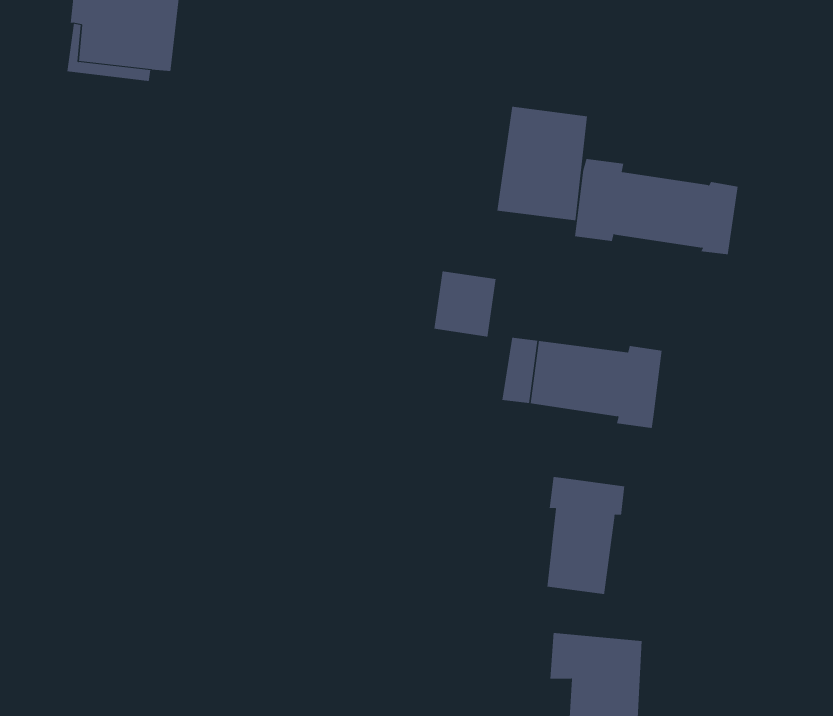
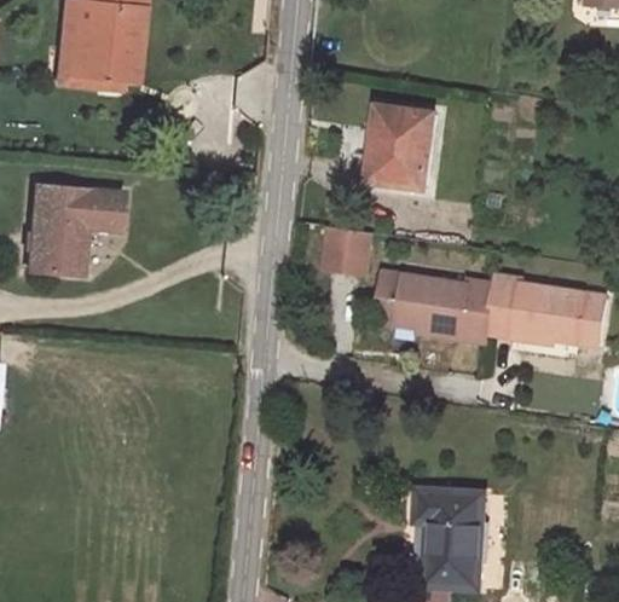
building: [574,158,739,255] -> [486,276,606,346]
building: none -> [27,183,125,273]
building: [547,476,625,595] -> none

